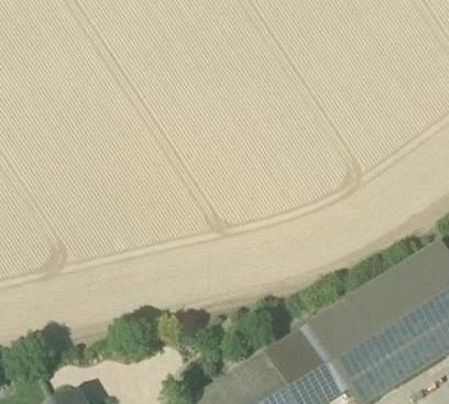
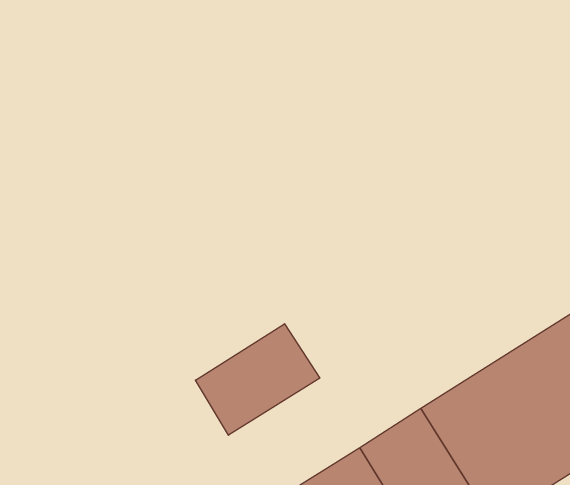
building: none -> [195,324,320,435]

